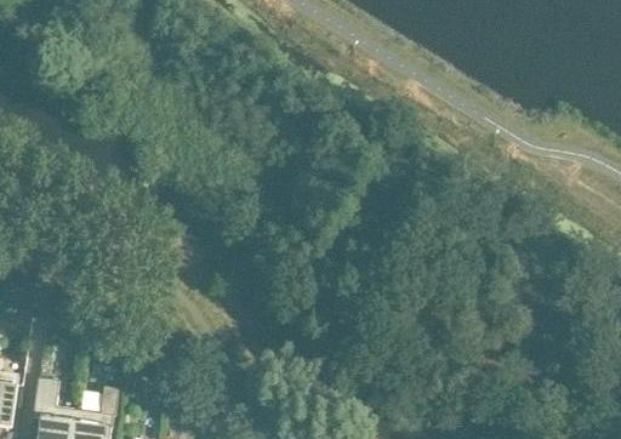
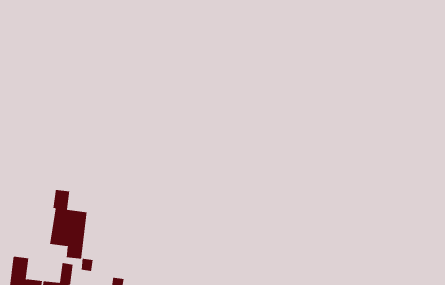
building: none -> [50,189,87,260]

